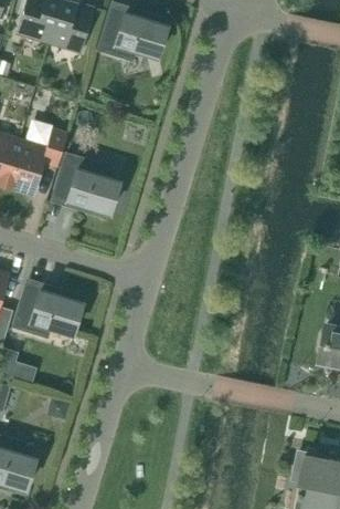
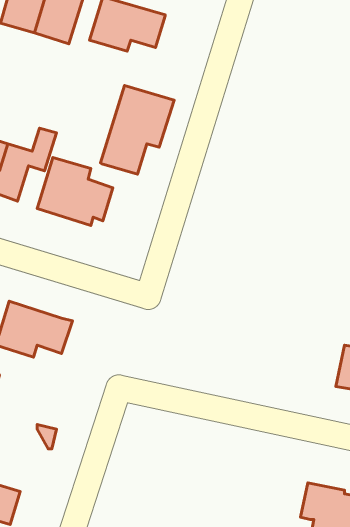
building: none -> [101,85,174,174]

